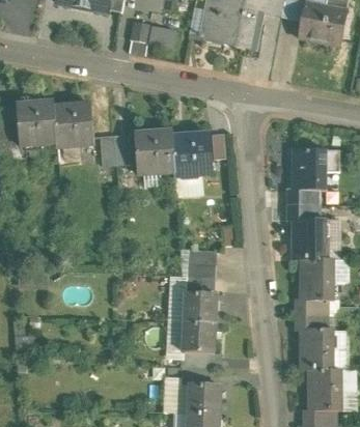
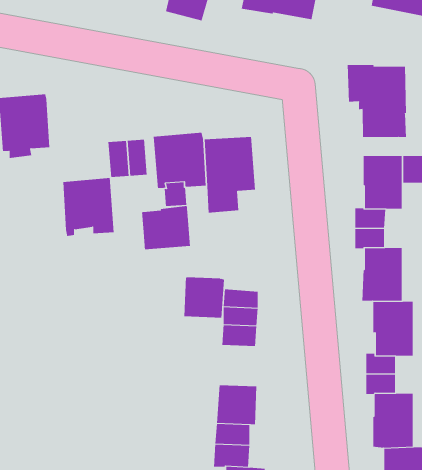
building: none -> [347,64,406,138]
building: [54,103,93,147] -> [62,178,115,237]
building: none -> [141,205,190,250]
building: [184,291,215,322] -> [184,277,225,318]

